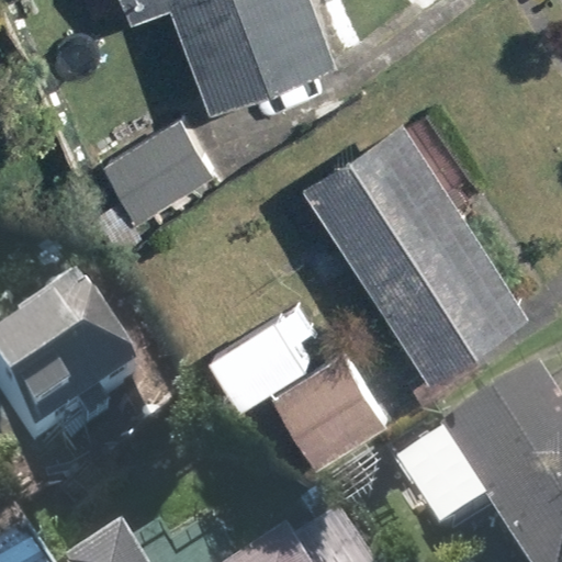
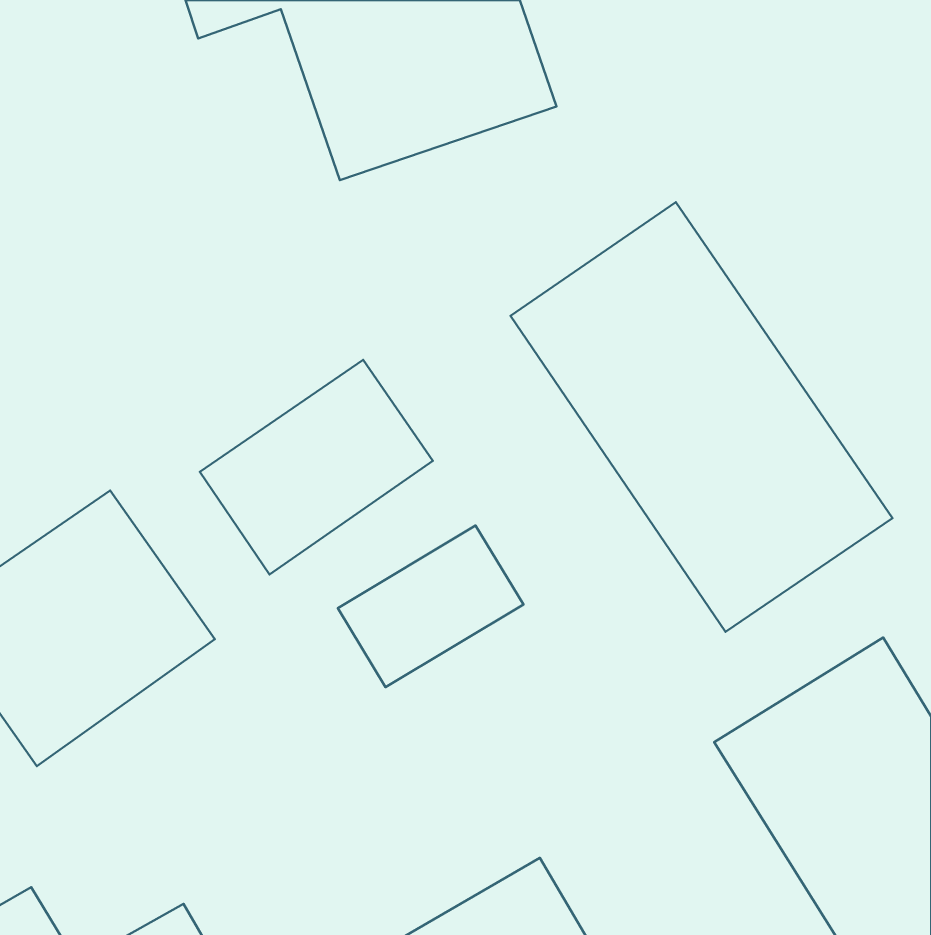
building: [75,111,214,239] -> [200,360,433,575]
building: [273,362,392,474] -> none

